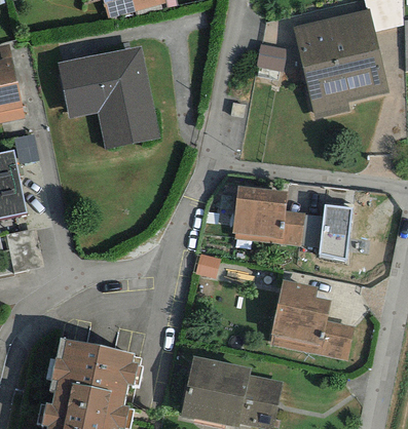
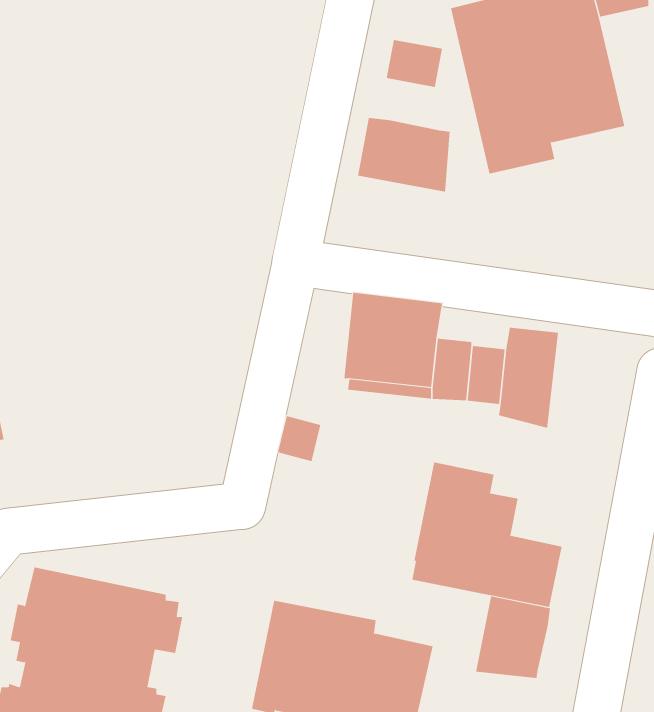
building: [58,45,160,149] -> none
building: none -> [357,117,450,193]
building: none -> [475,596,550,679]

